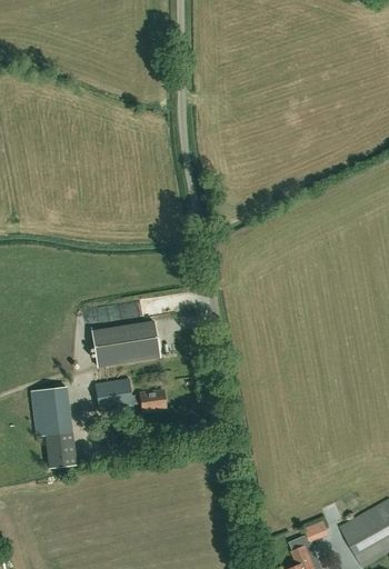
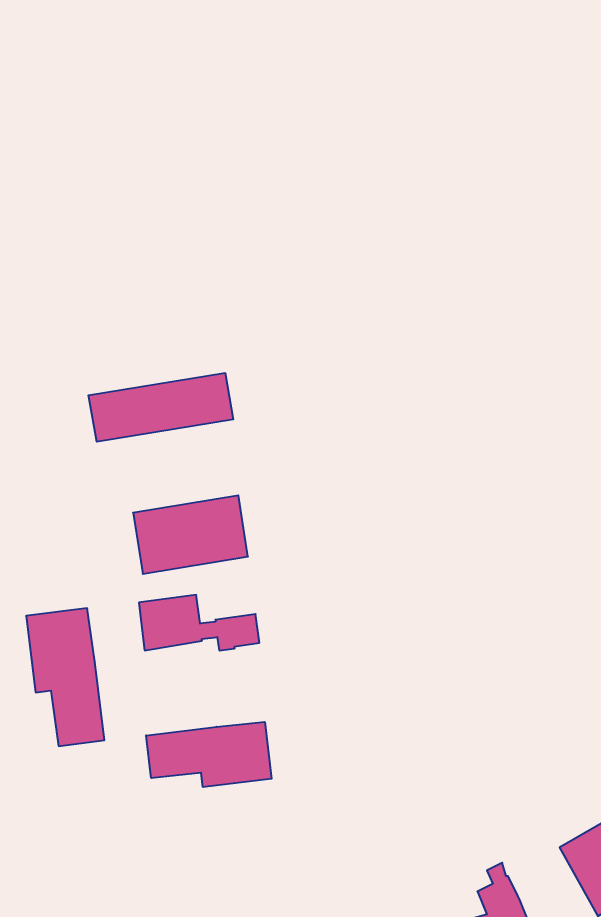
building: none -> [88,373,233,442]
building: none -> [146,722,272,787]

